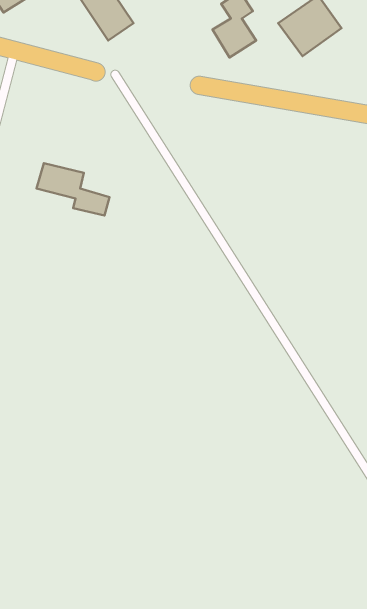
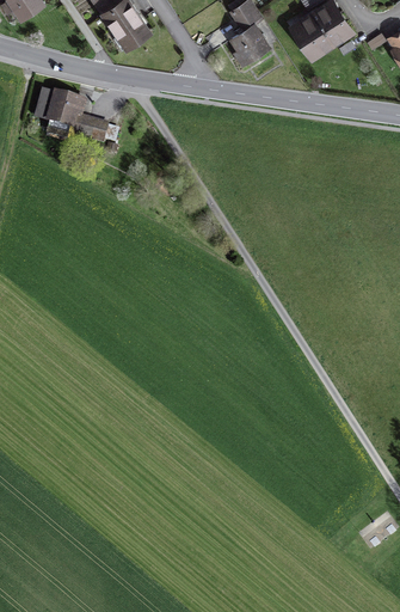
building: [37,163,110,215] -> [35,91,106,142]

